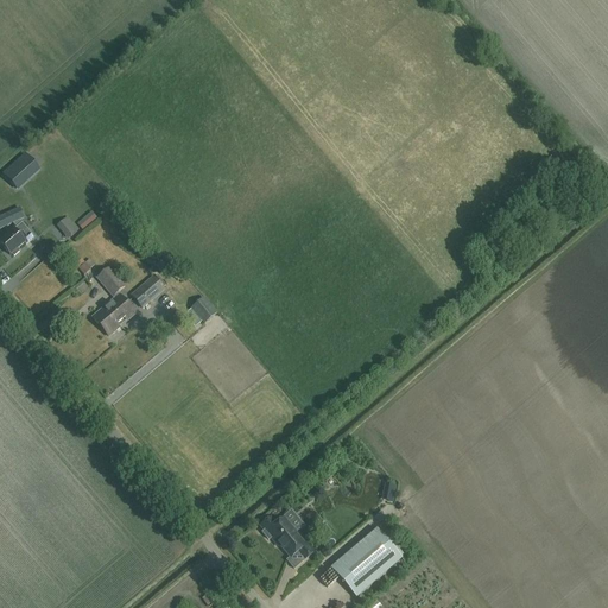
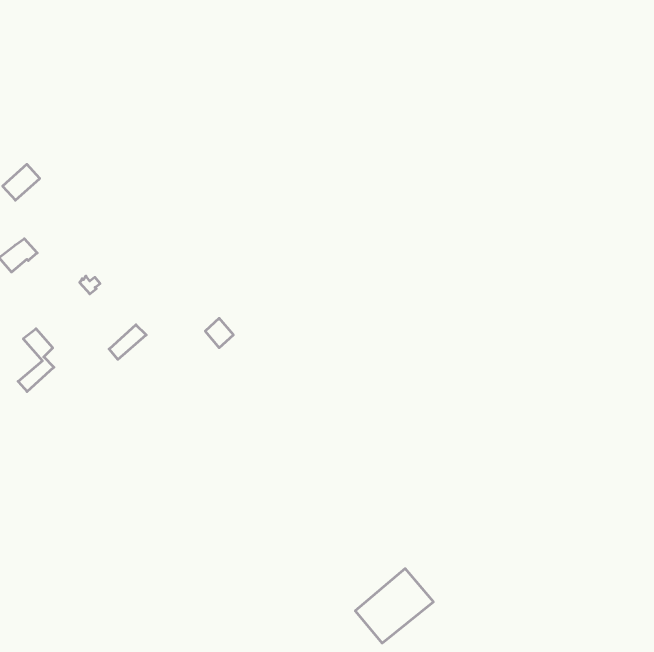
building: [93,265,126,323] -> [18,329,54,392]
building: [131,271,167,305] -> none
building: [259,514,315,557] -> none

